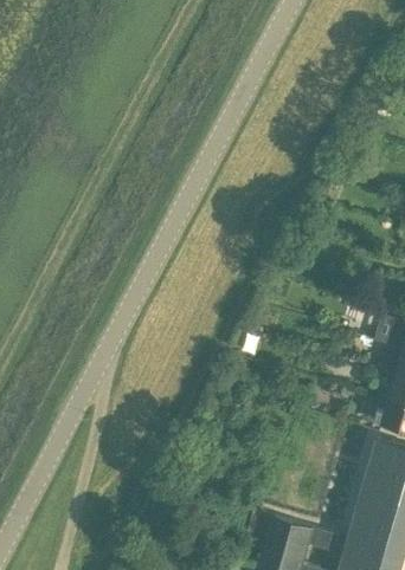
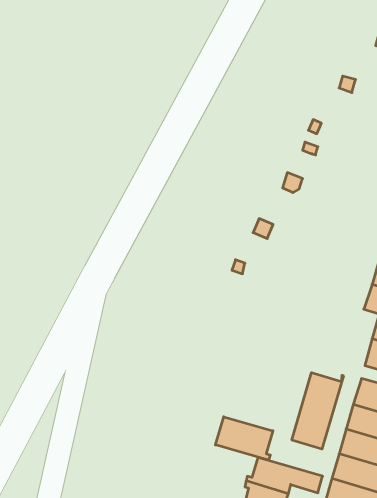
building: none -> [292,373,343,449]
building: none -> [215,417,273,460]

